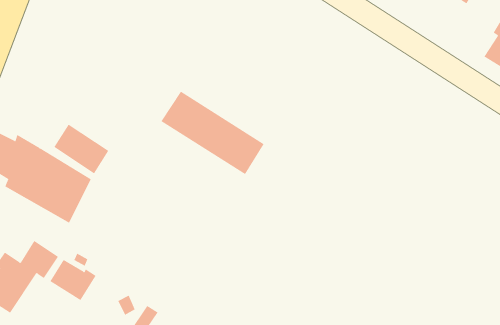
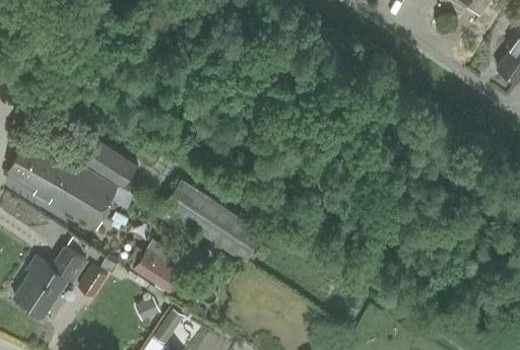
building: [161,91,264,175] -> [161,178,262,259]
building: none -> [132,246,183,291]

